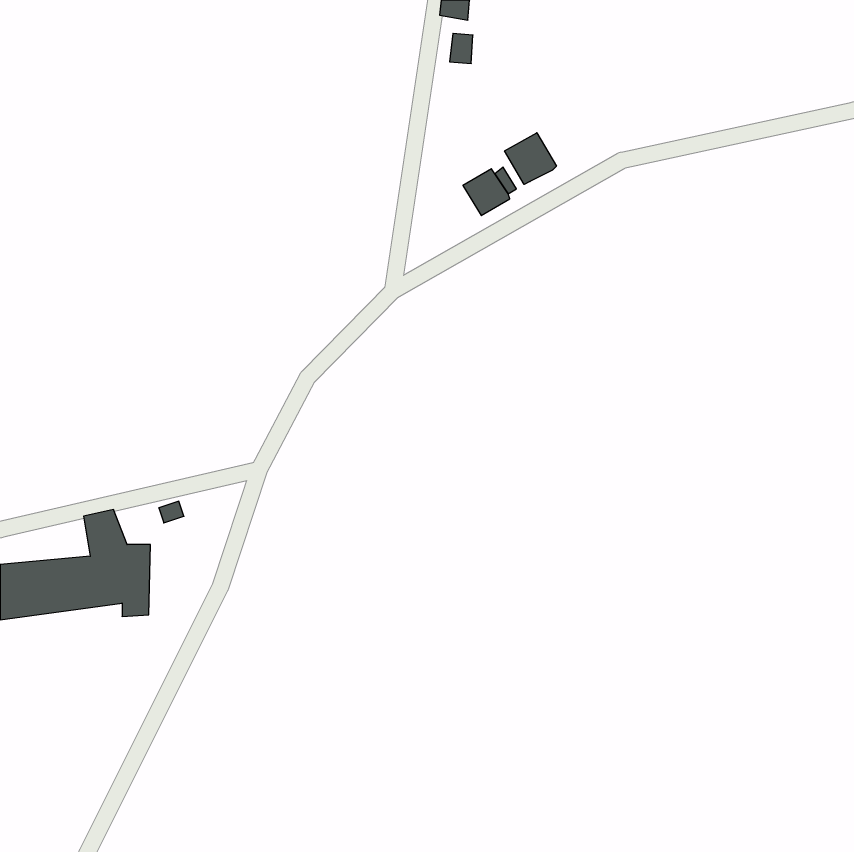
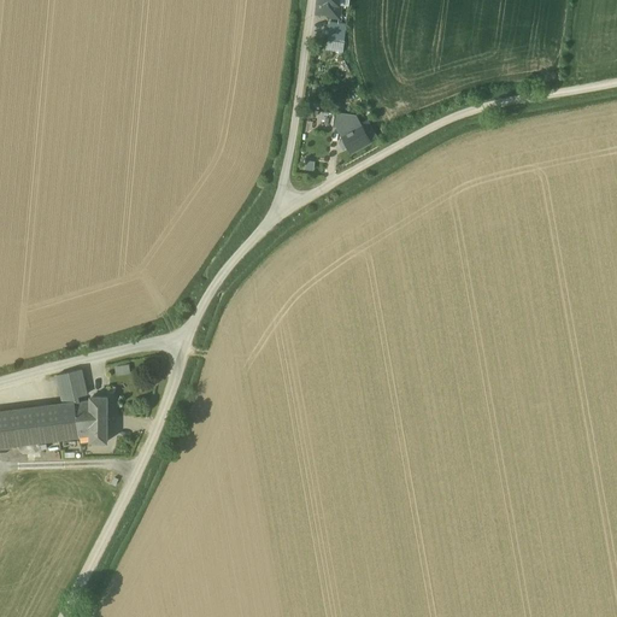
building: [505,133,556,184] -> none

